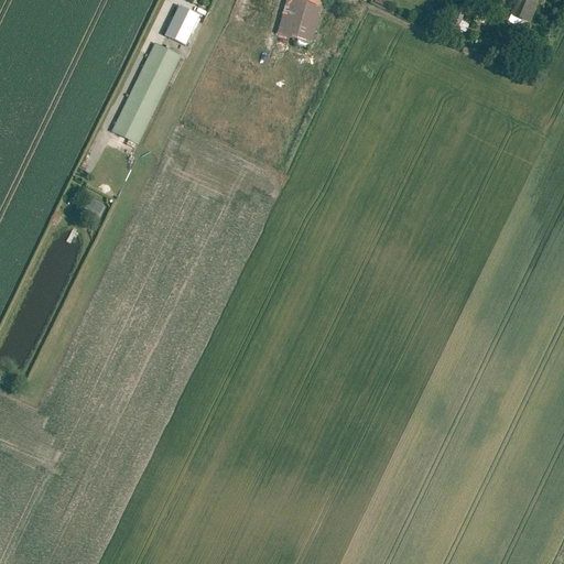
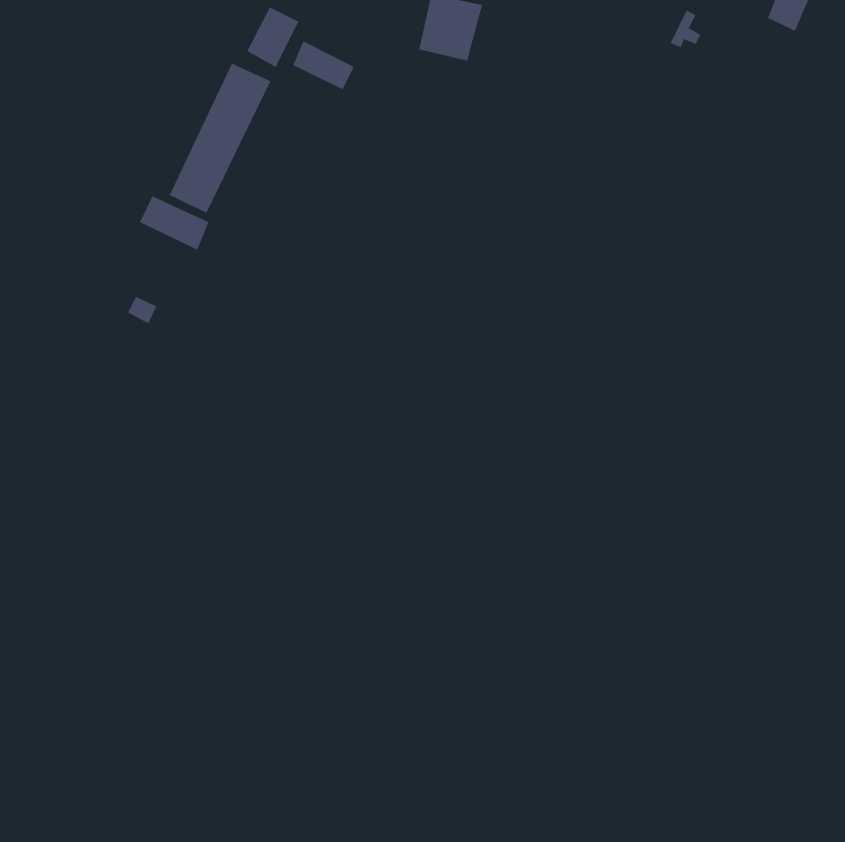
building: none -> [292,41,355,90]
building: none -> [139,195,209,250]

